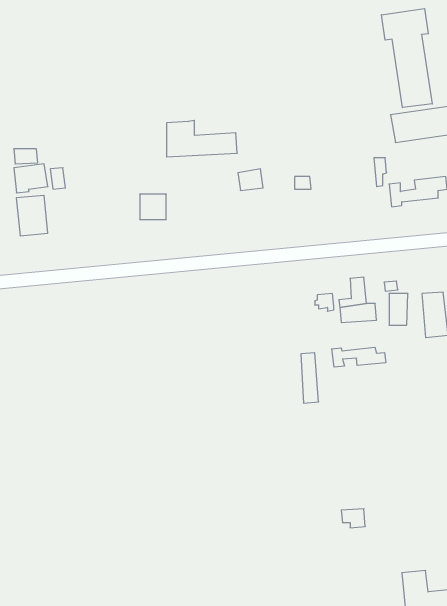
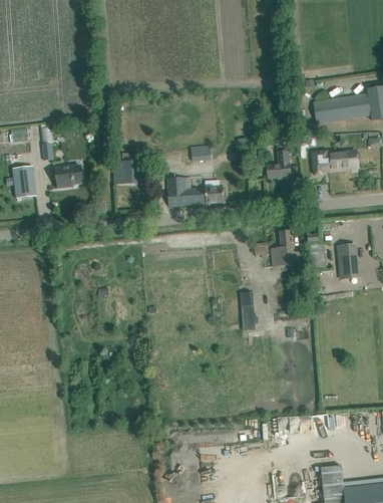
building: [381,9,432,108] -> none
building: [167,120,237,157] -> [167,177,224,206]
building: [14,164,48,193] -> [55,165,82,188]
building: none -> [267,152,290,179]
building: [332,347,386,367] -> none

